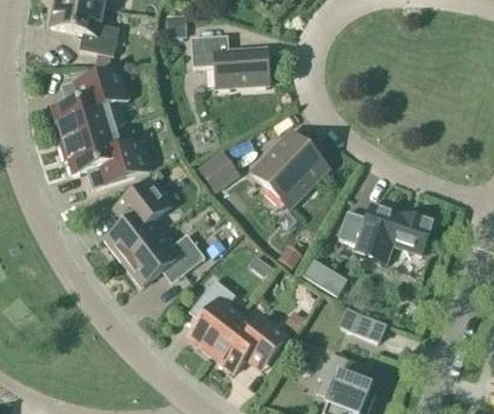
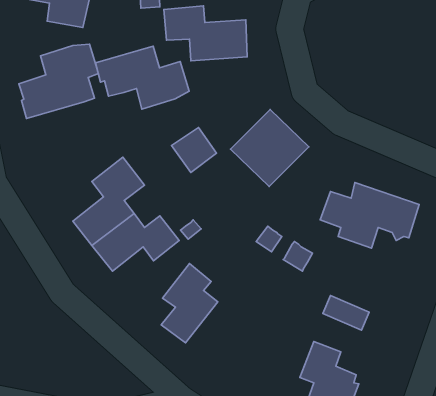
building: [59,125,148,185] -> [96,46,189,109]
building: [210,314,286,372] -> none

